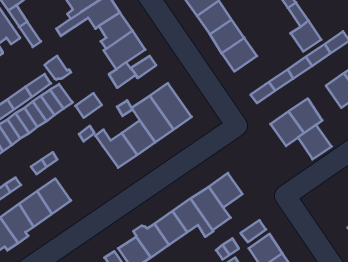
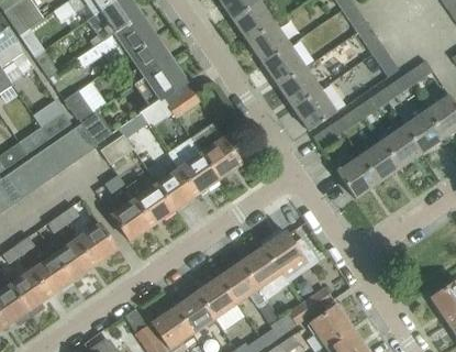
building: none -> [293,89,336,131]
building: [298,125,332,159] -> [382,125,423,167]
building: none -> [112,198,153,241]
building: none -> [77,222,118,264]

